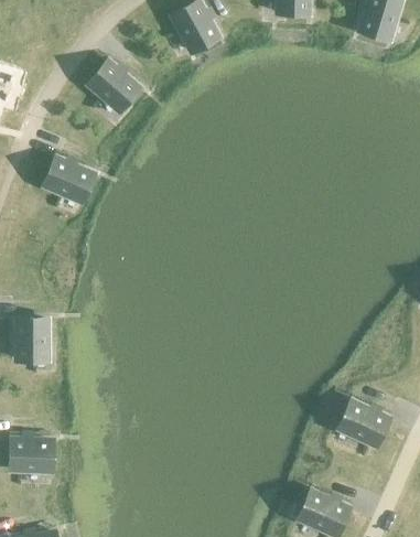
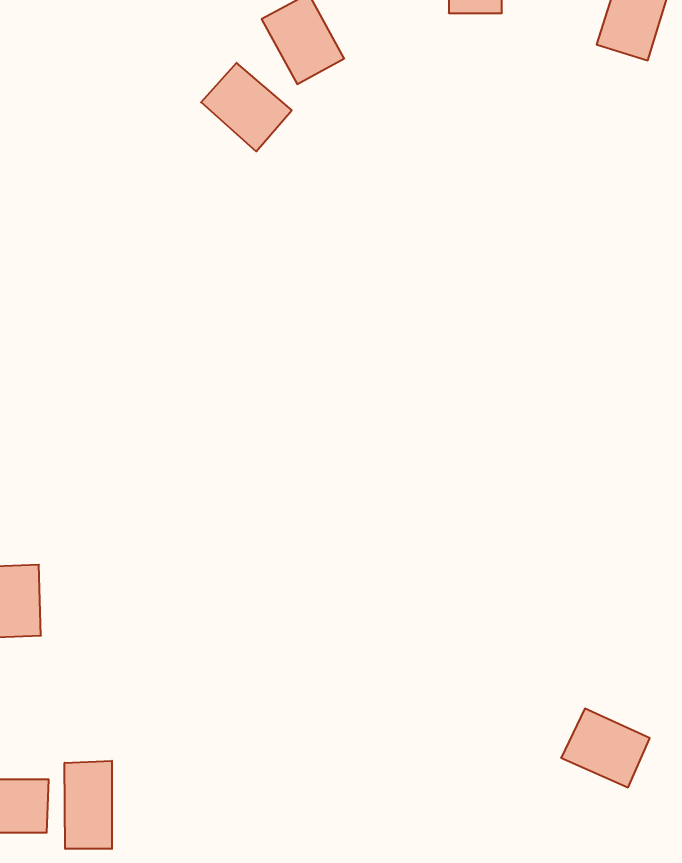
building: [89,61,140,110] -> [201,63,292,151]
building: [45,158,94,201] -> none
building: none -> [65,761,112,849]

